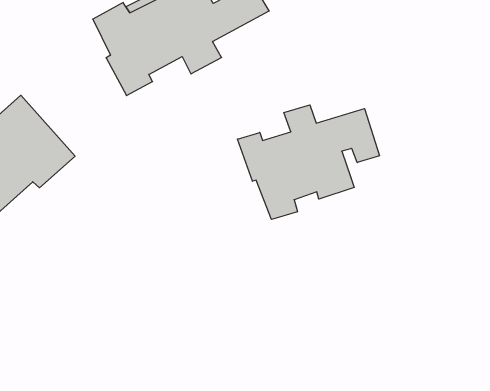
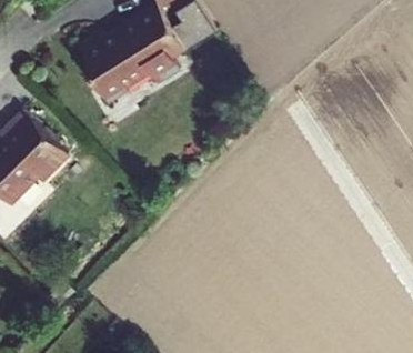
building: [237,105,379,219] -> none

